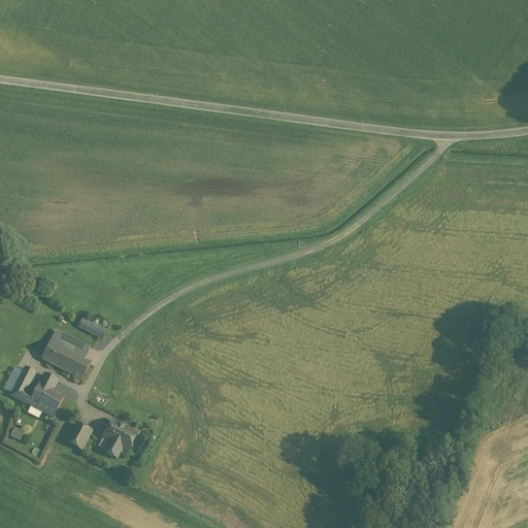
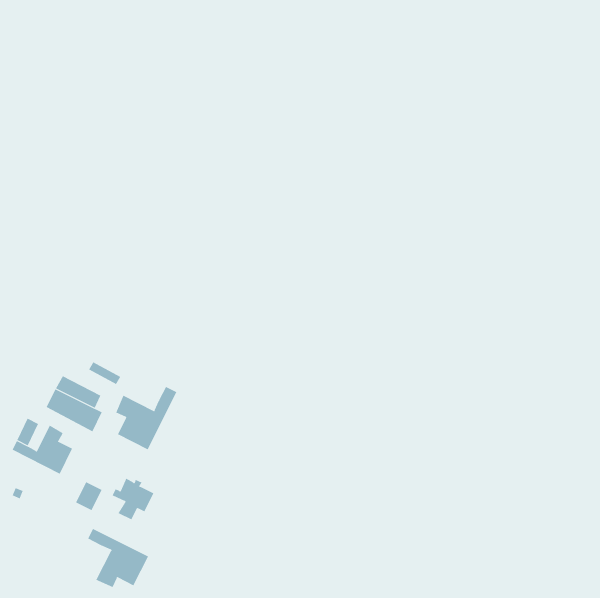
building: none -> [115,386,177,450]
building: none -> [87,528,149,588]

